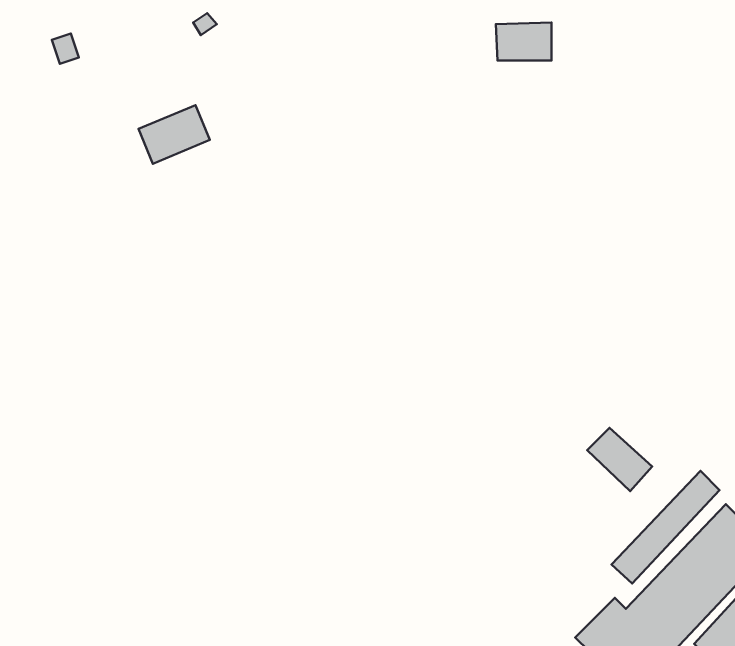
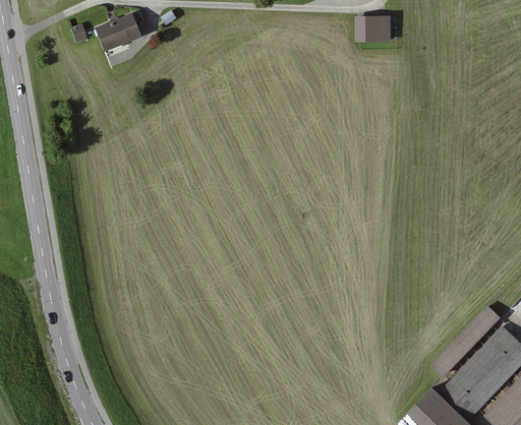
building: [138,105,210,164] -> [95,13,140,51]
building: [587,428,652,491] -> none

